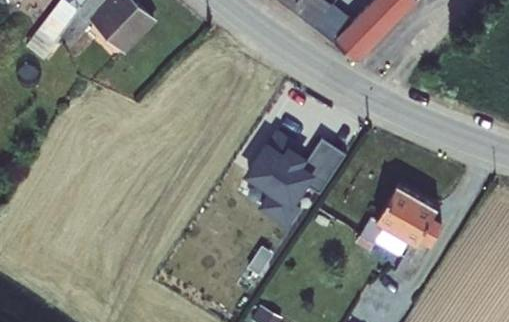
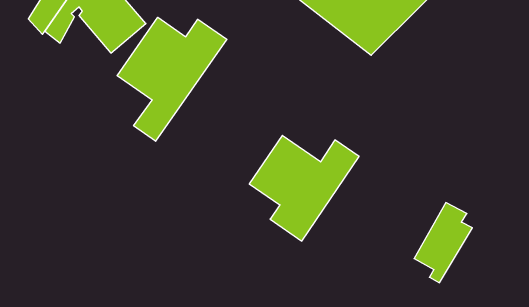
building: none -> [117,17,227,141]
building: [361,184,422,247] -> none

